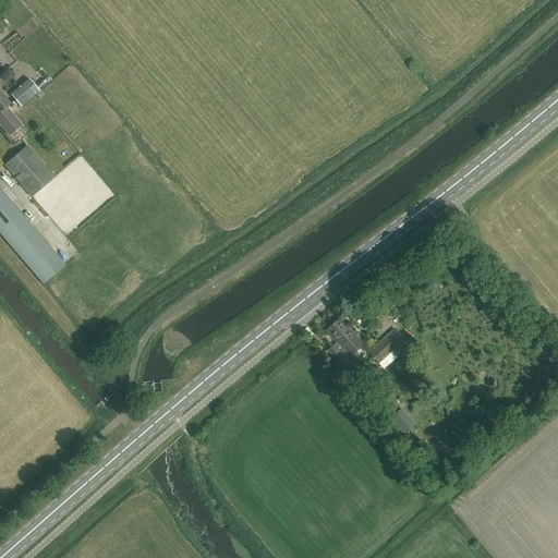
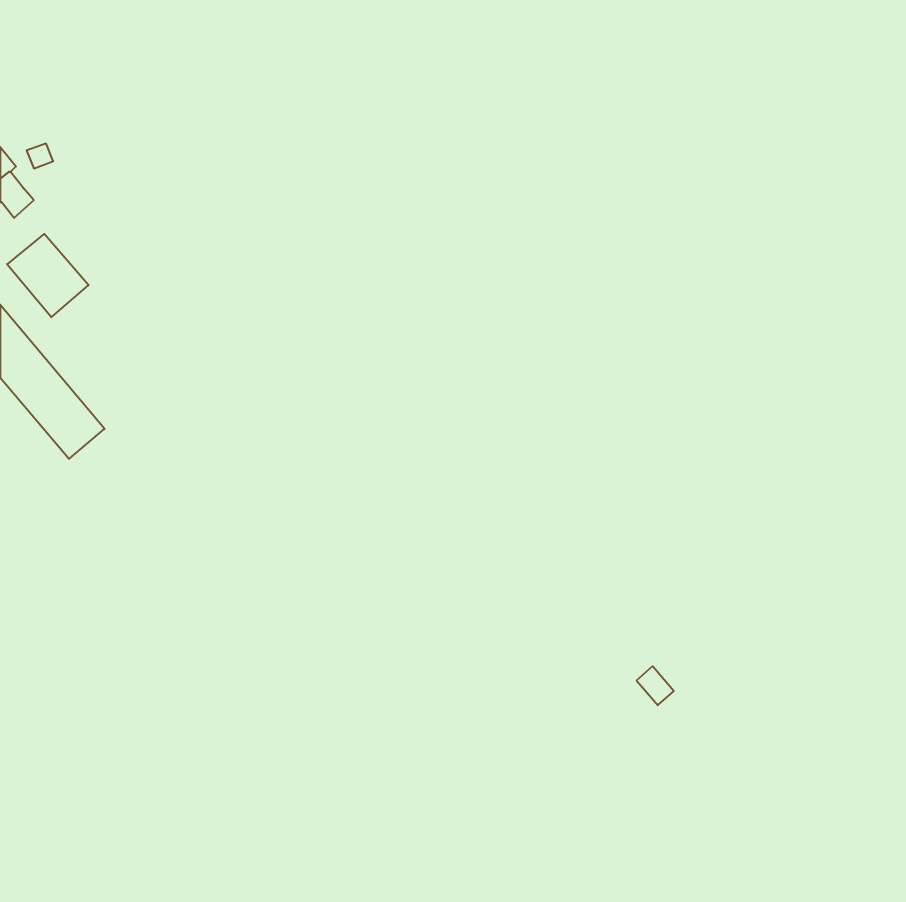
building: [327,316,364,363] -> none
building: [369,327,405,362] -> none

